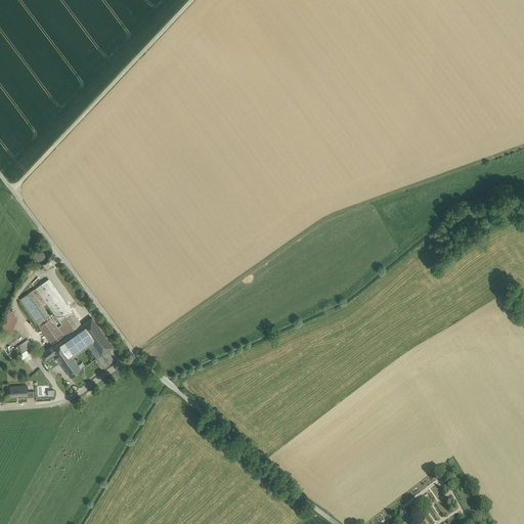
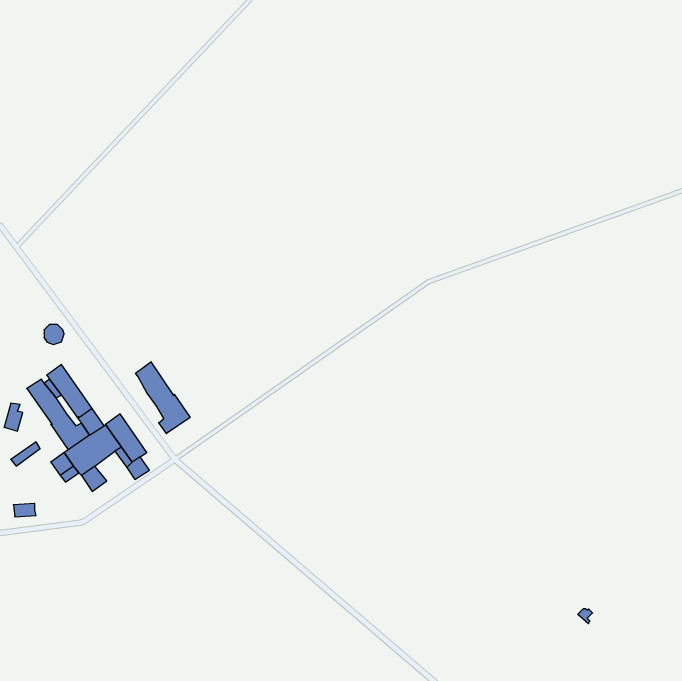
building: none -> [136,362,190,434]

